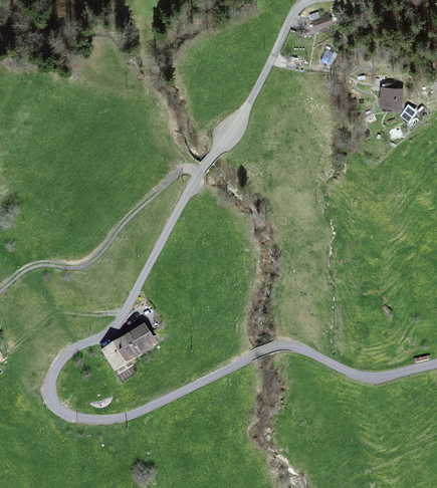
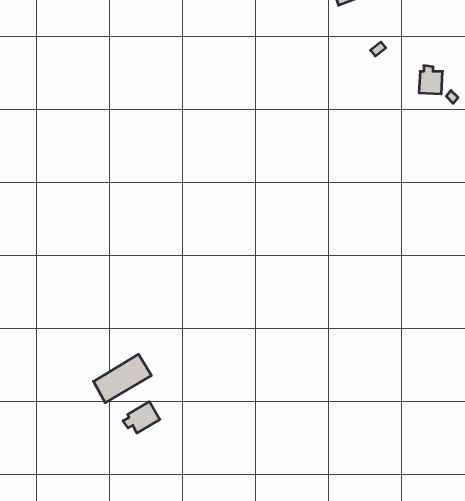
building: none -> [123,402,160,433]

